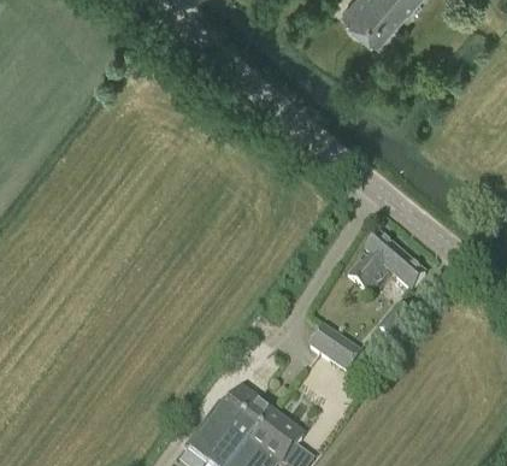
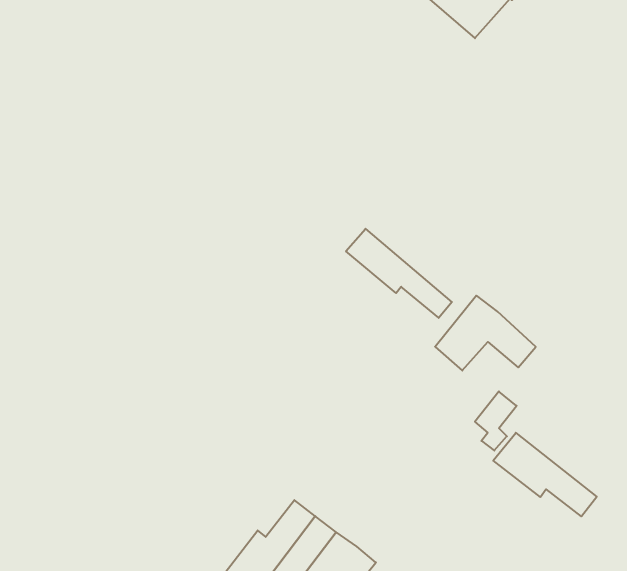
building: none -> [346,229,452,318]
building: [313,326,364,372] -> none
building: none -> [493,433,597,516]

